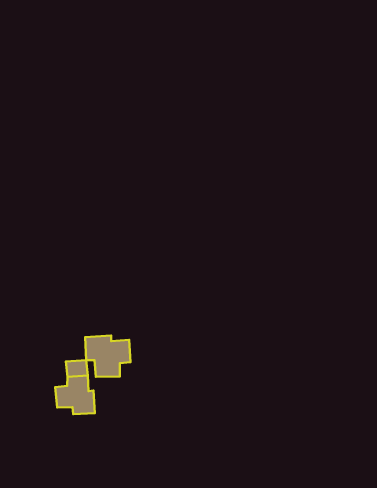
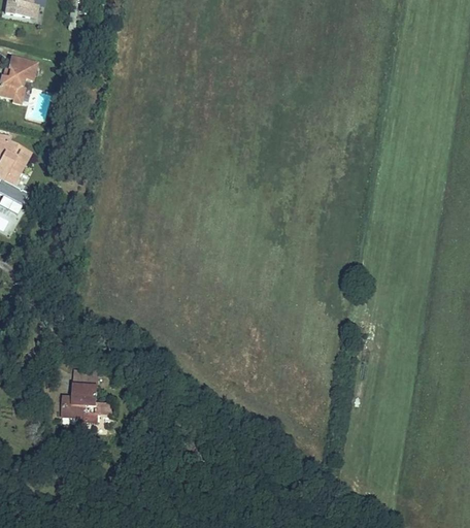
building: [85,336,130,377] -> none

